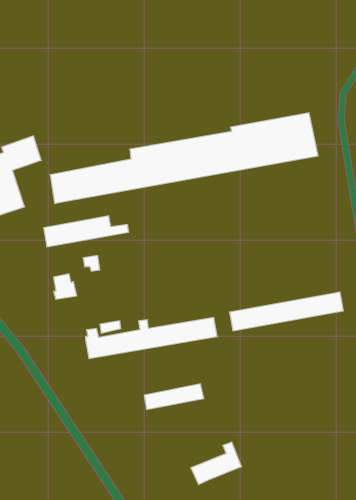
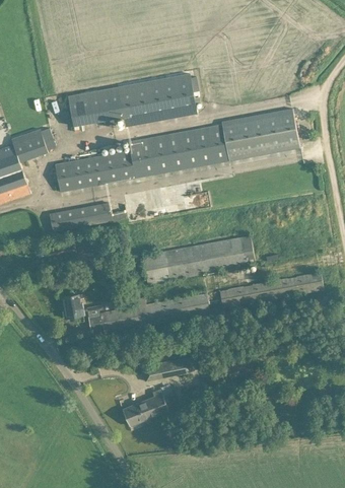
building: none -> [67,74,199,127]
building: none -> [141,234,256,284]
building: [54,274,77,299] -> [63,294,84,318]
building: [191,442,242,484] -> [122,387,168,425]

